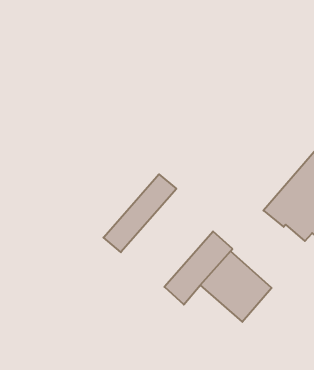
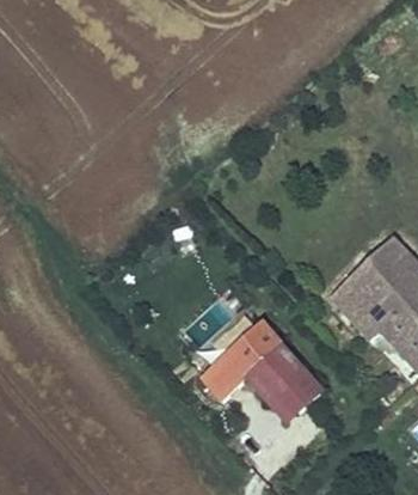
building: [103,174,176,252] -> none

